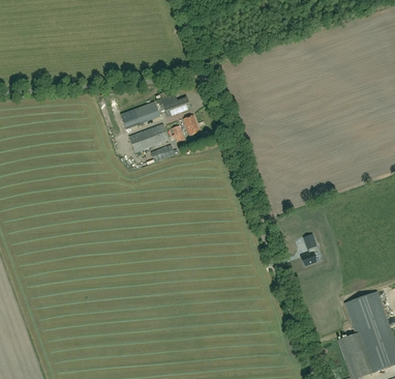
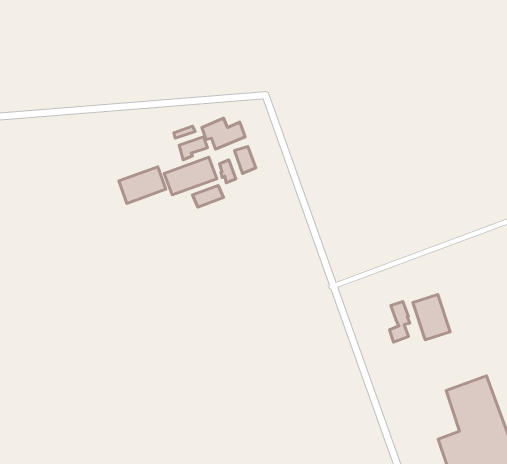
building: none -> [119,167,166,203]
building: none -> [413,295,450,340]

